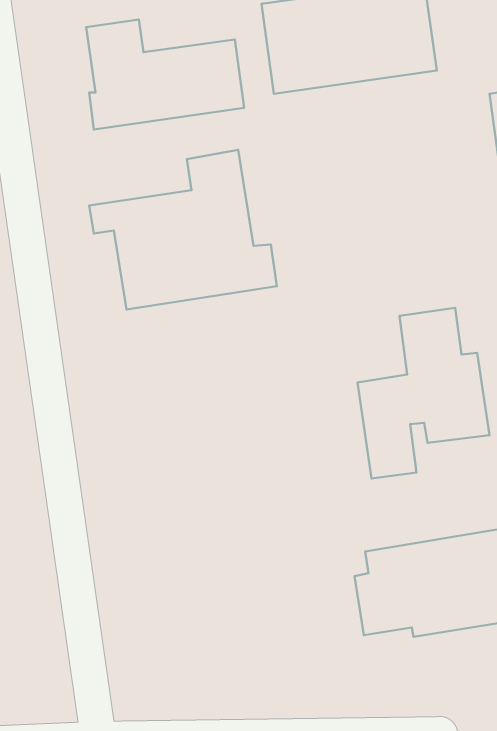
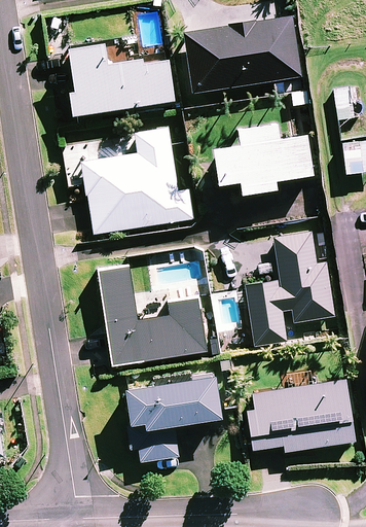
building: none -> [213,124,312,195]
building: none -> [100,267,207,366]
building: none -> [125,375,221,462]

